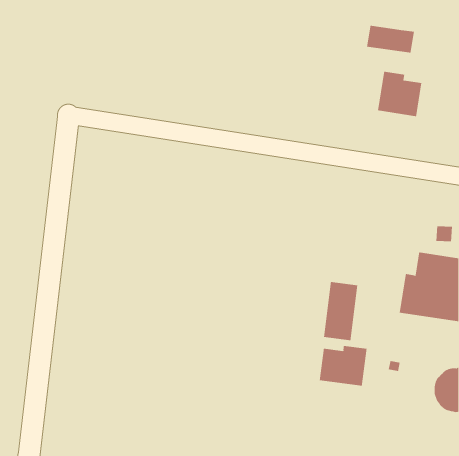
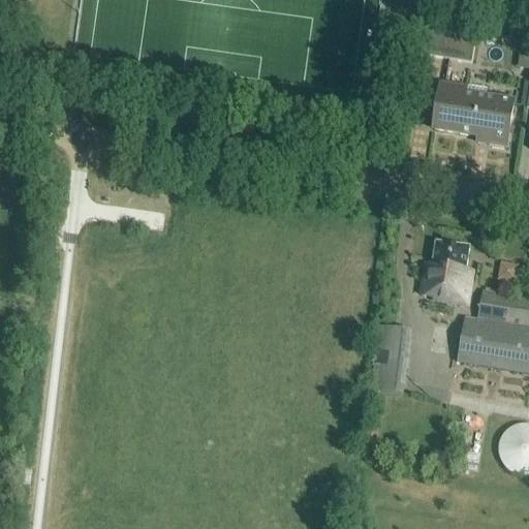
building: none -> [477,95,512,145]
building: none -> [422,241,471,304]
building: [319,345,367,386] -> none

